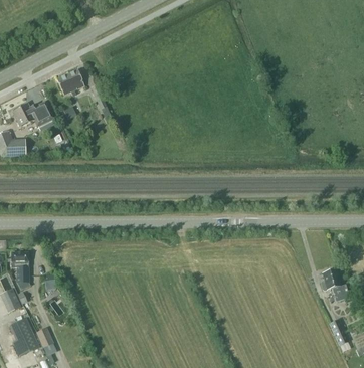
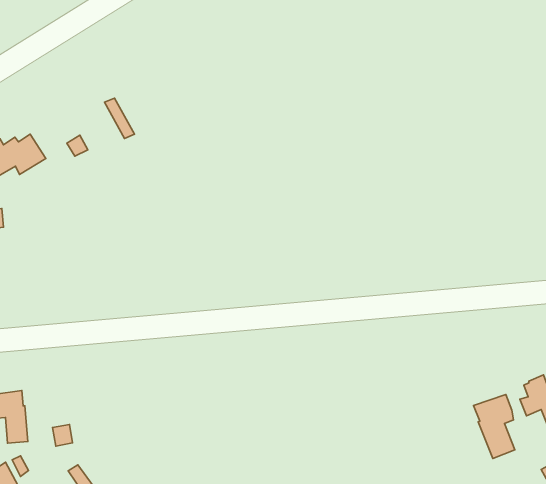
building: [56,70,84,97] -> none
building: none -> [474,395,515,459]

